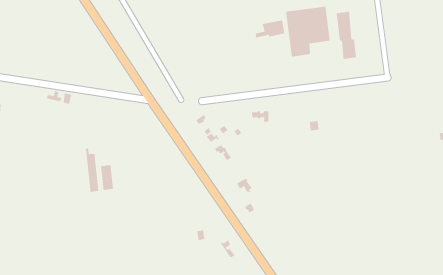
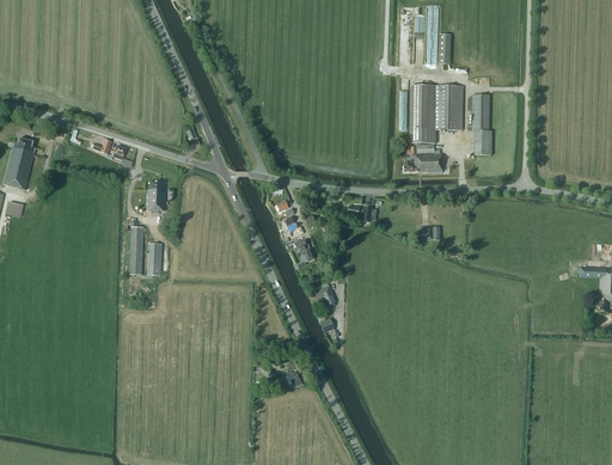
building: [255,20,285,38] -> [403,154,441,173]
building: none -> [146,181,166,212]

